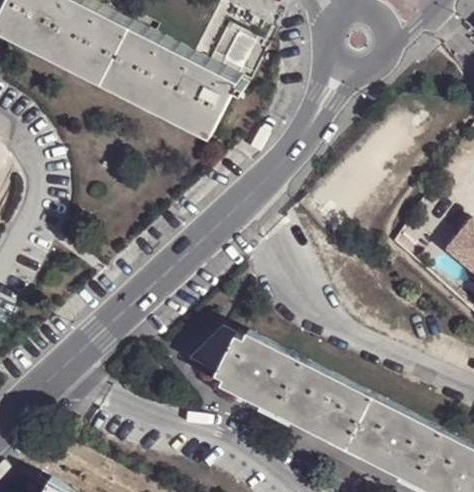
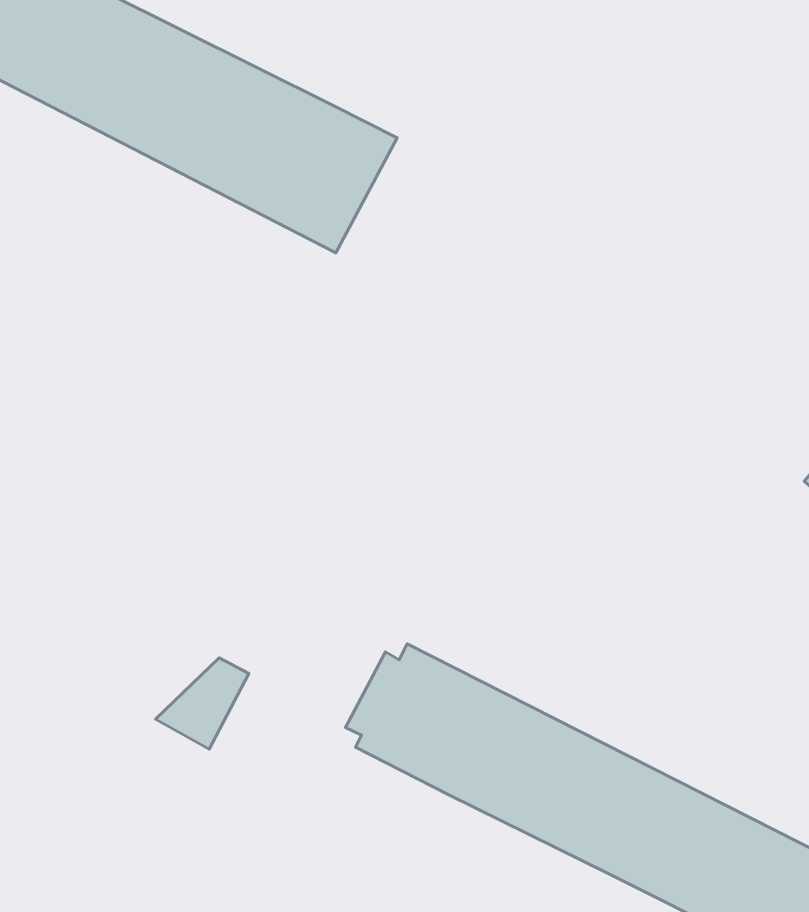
building: [208,27,267,84] -> none
building: [187,331,234,377] -> [156,658,249,749]

